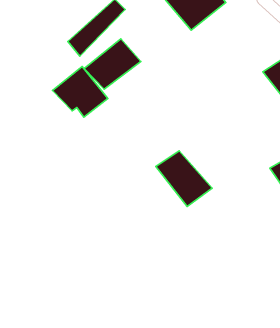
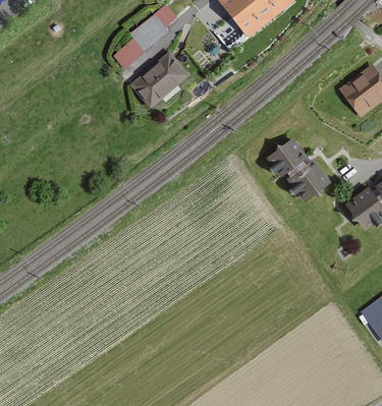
building: [52,67,108,117] -> none
building: [156,151,212,206] -> [266,136,332,201]

